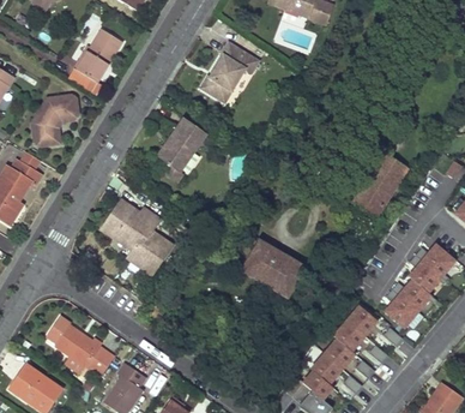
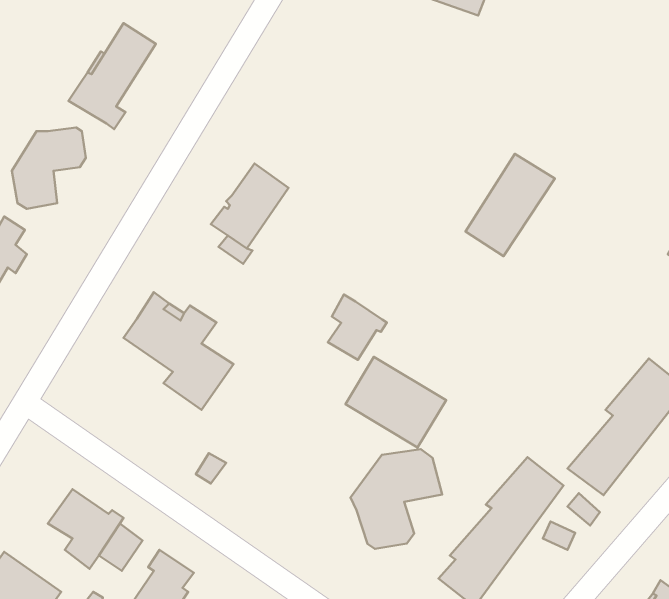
building: [200,42,259,102] -> none
building: [351,152,407,217] -> [466,154,555,256]
building: none -> [328,295,387,360]
building: none -> [350,449,442,549]

